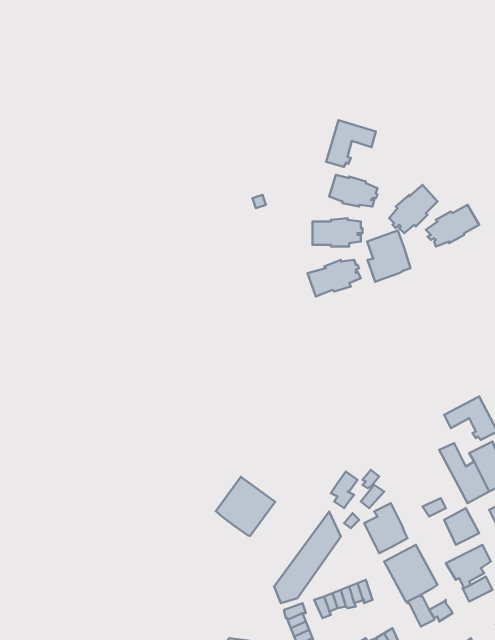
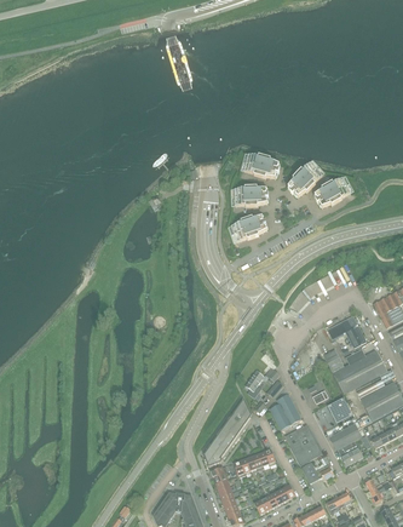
building: [326,120,376,167] -> none
building: [367,230,411,282] -> none
building: [216,477,275,536] -> none

